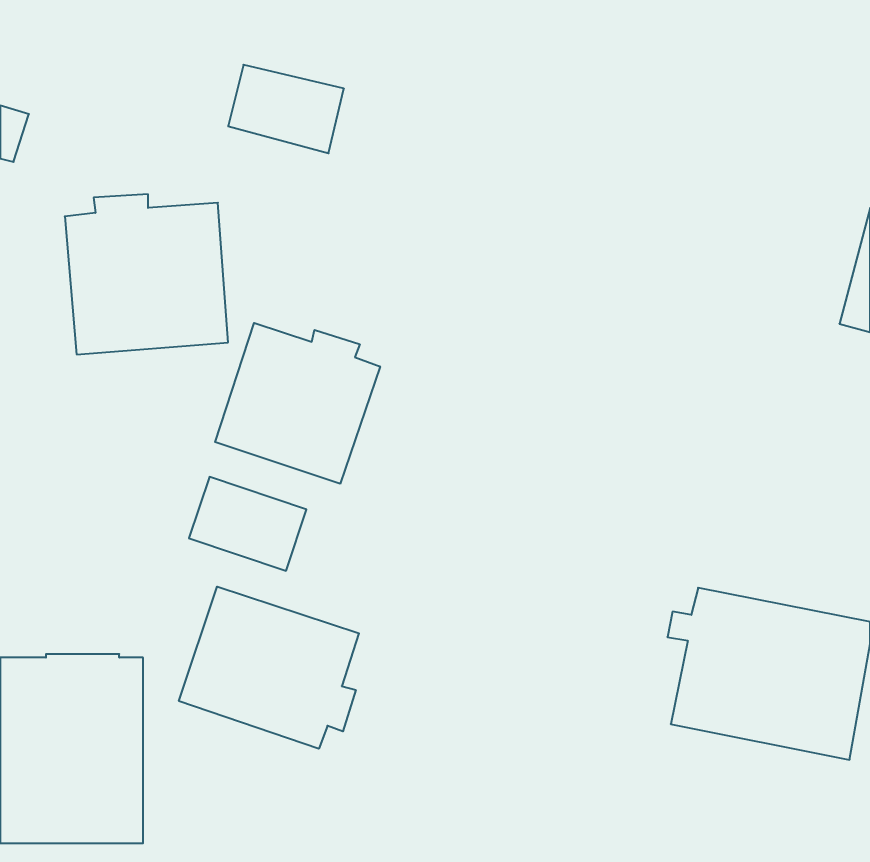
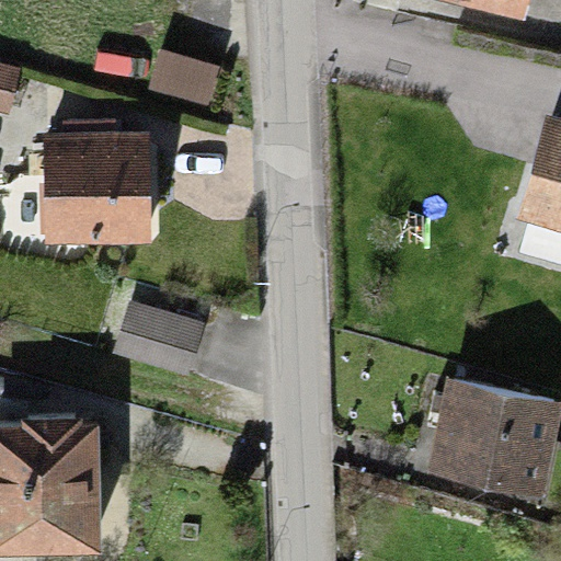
building: [215,323,380,484] -> none
building: [179,587,359,749] -> none

